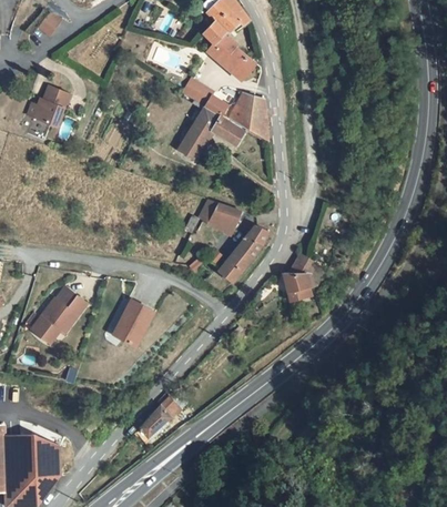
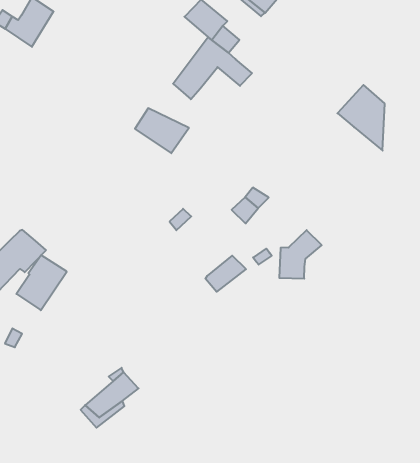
building: [226,92,268,145] -> [337,85,385,151]
building: [199,199,244,234] -> [135,108,189,153]
building: [220,246,253,278] -> [205,256,246,292]
building: [114,300,154,346] -> [16,255,67,310]

